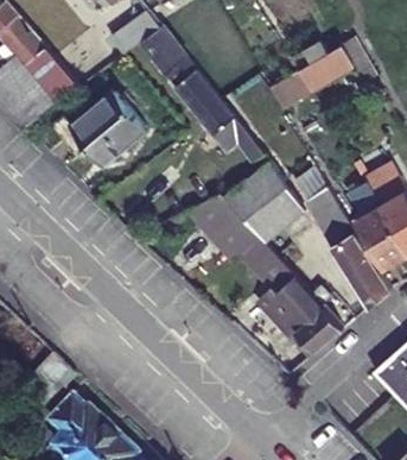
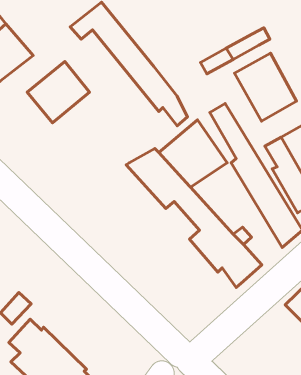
building: none -> [234,53,297,121]

